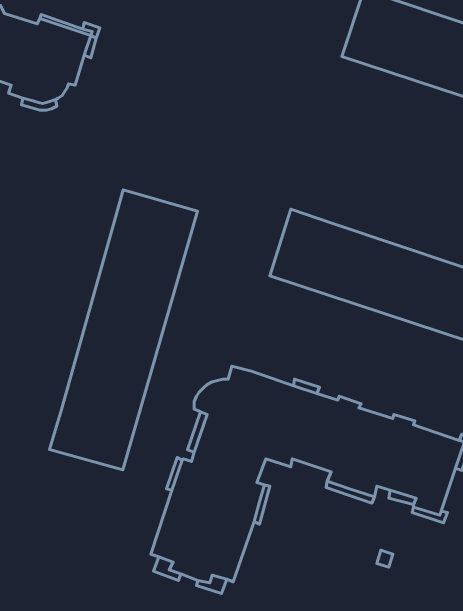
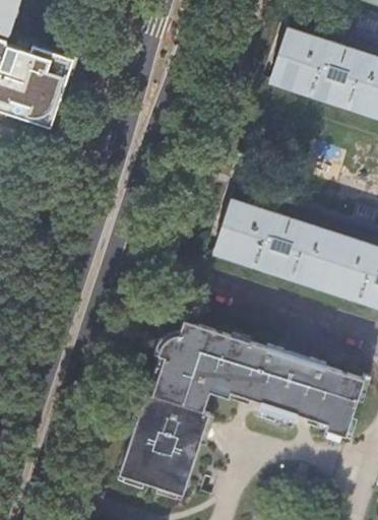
building: [50,190,198,470] -> none

